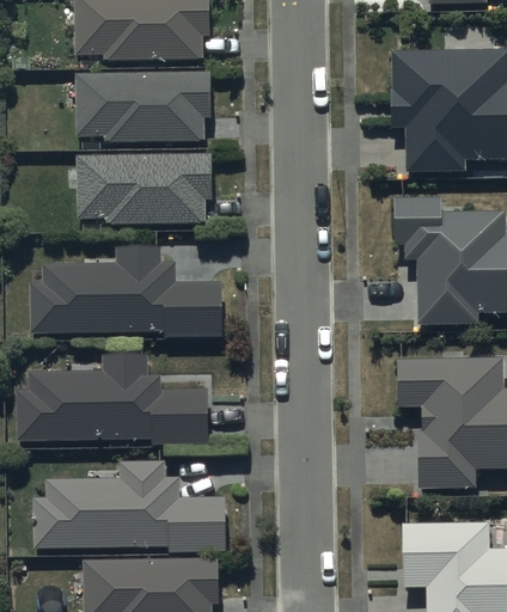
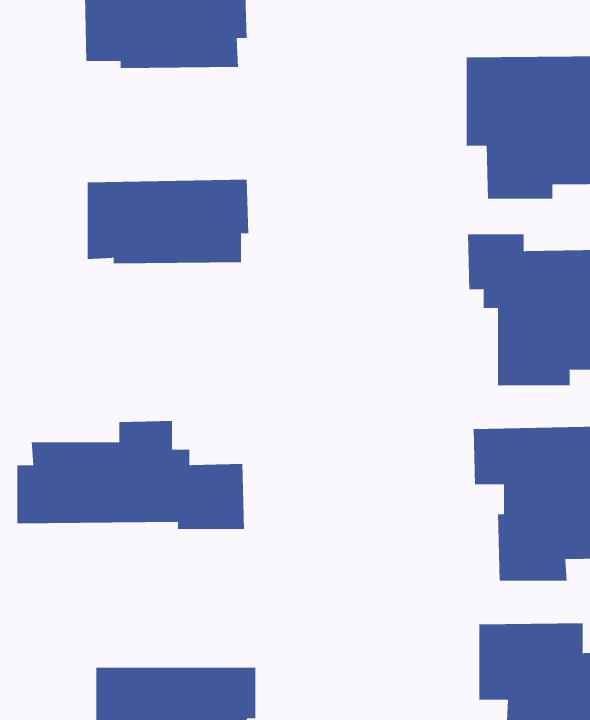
building: [75,73,209,140] -> none
building: [30,246,222,337] -> none
building: [32,461,226,553] -> none

